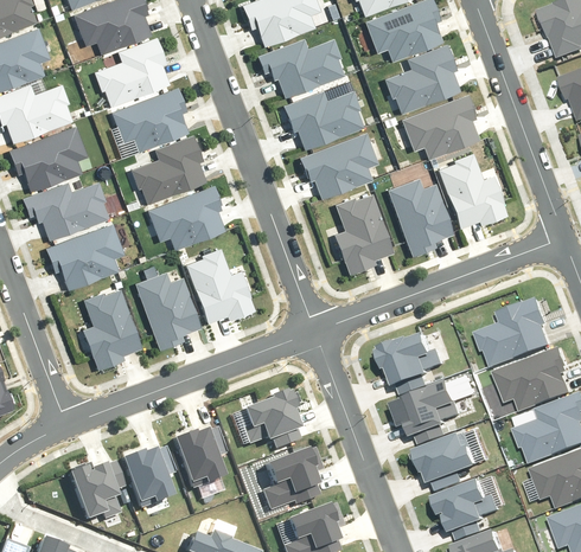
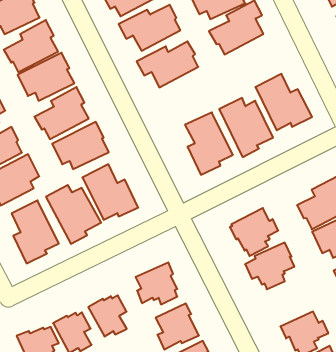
building: [398,98,474,161] -> none
building: [293,133,370,195] -> none
building: [417,432,483,489] -> none

